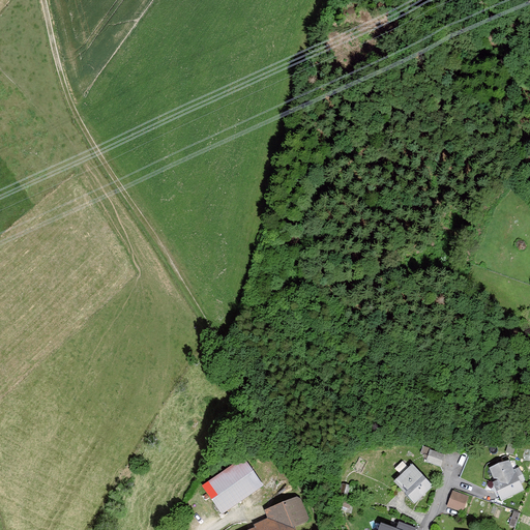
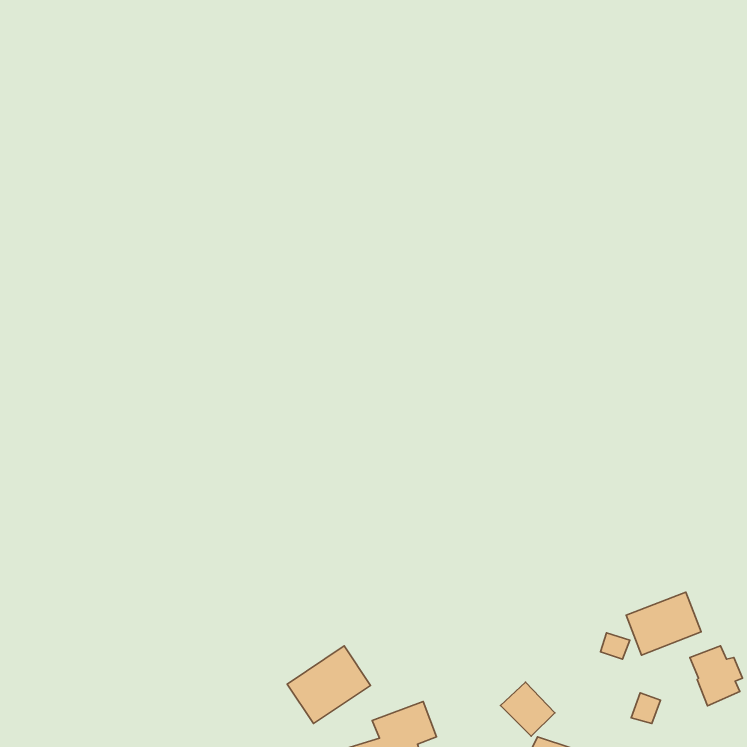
building: none -> [626,592,701,655]
building: [393,464,432,502] -> [501,682,555,736]

